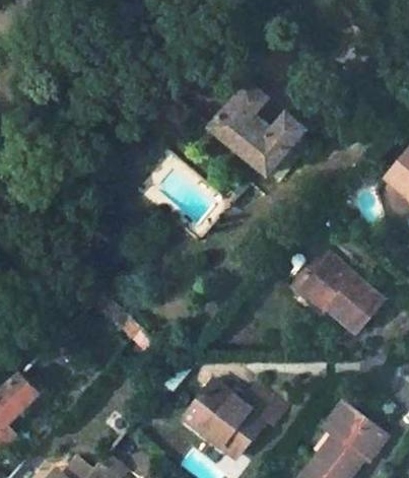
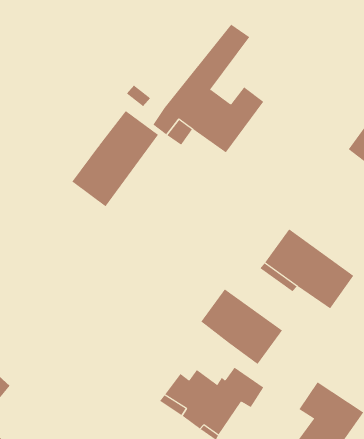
building: none -> [71,110,159,207]
building: none -> [200,288,283,365]

